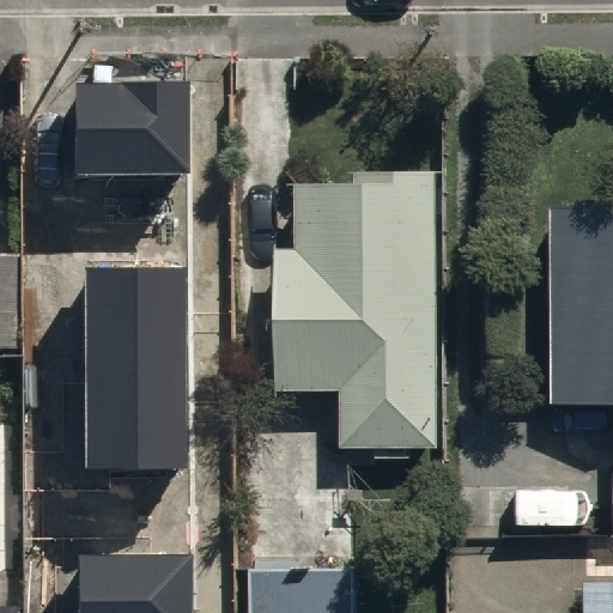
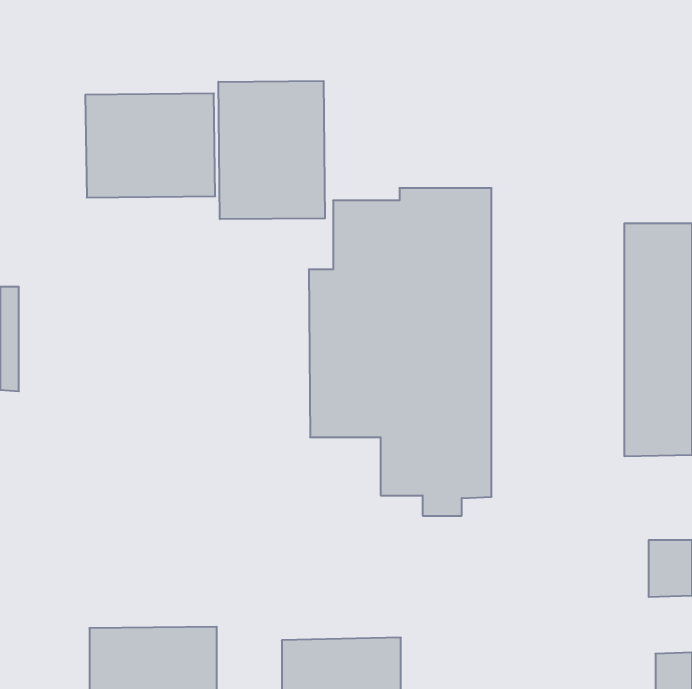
building: none -> [218,81,325,219]
building: [85,269,187,472] -> none

